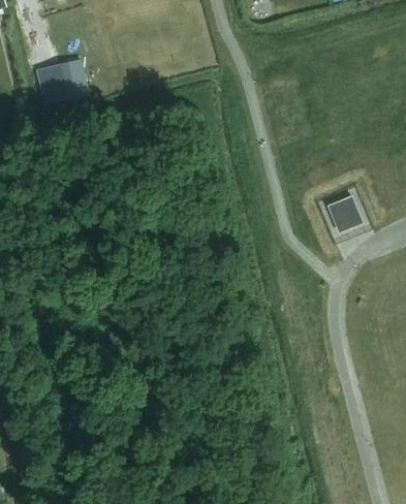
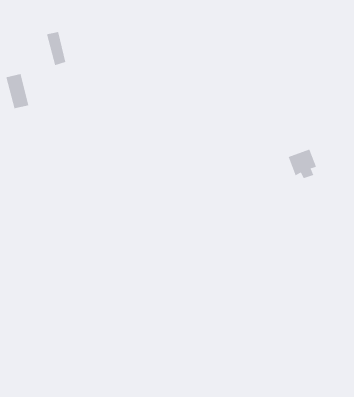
building: [36,66,63,106] -> [6,74,29,109]

